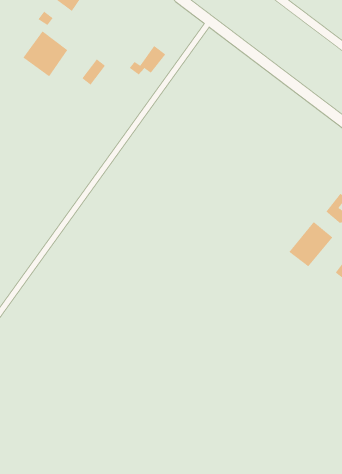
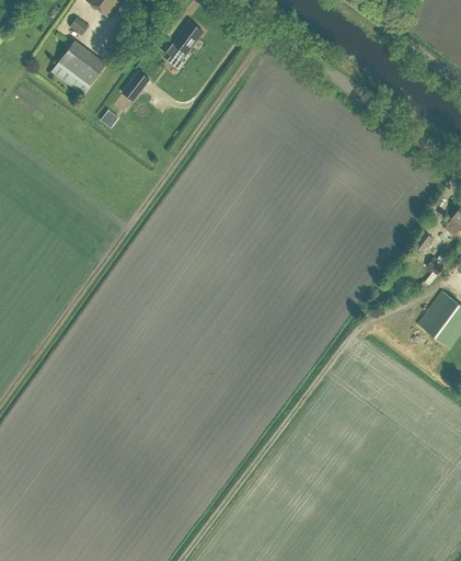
building: [129,45,166,75] -> [159,20,203,55]
building: [289,221,333,267] -> none

